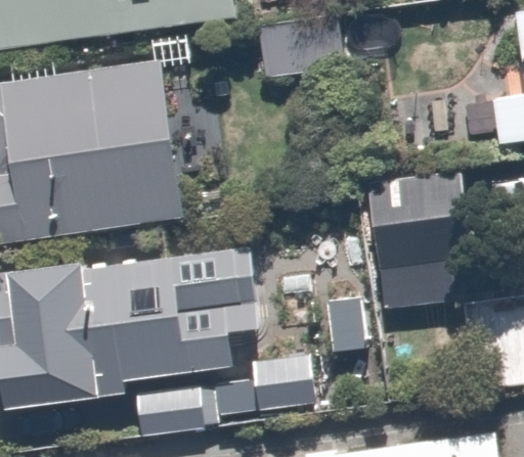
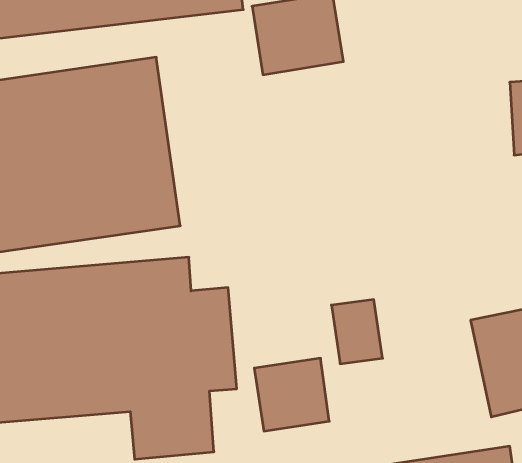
building: [363,183,470,310] -> none

